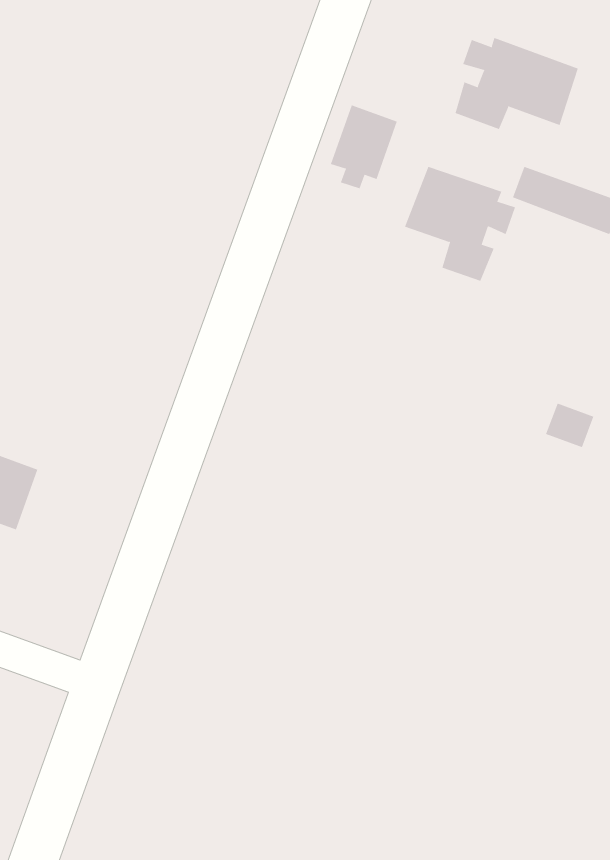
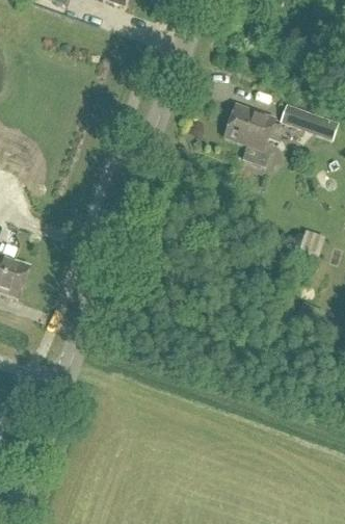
building: [455,37,578,130] -> none
building: [330,105,397,189] -> none

